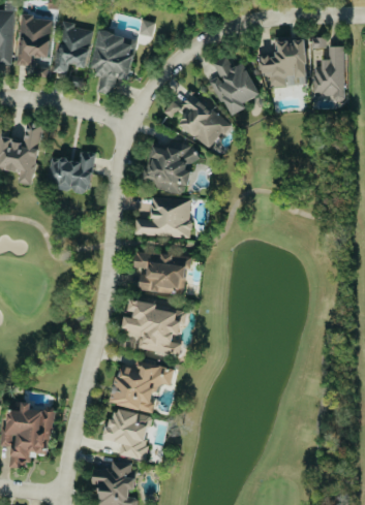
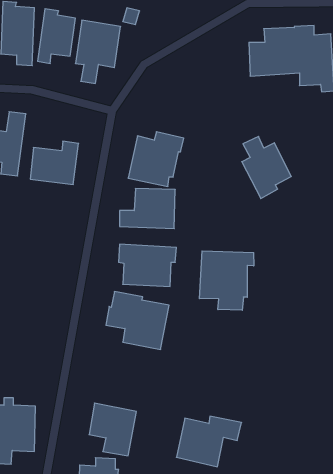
building: [211,56,260,117] -> [242,136,291,199]
building: [173,94,225,147] -> none
building: none -> [199,251,254,310]
building: [111,362,175,412] -> [176,416,242,467]

